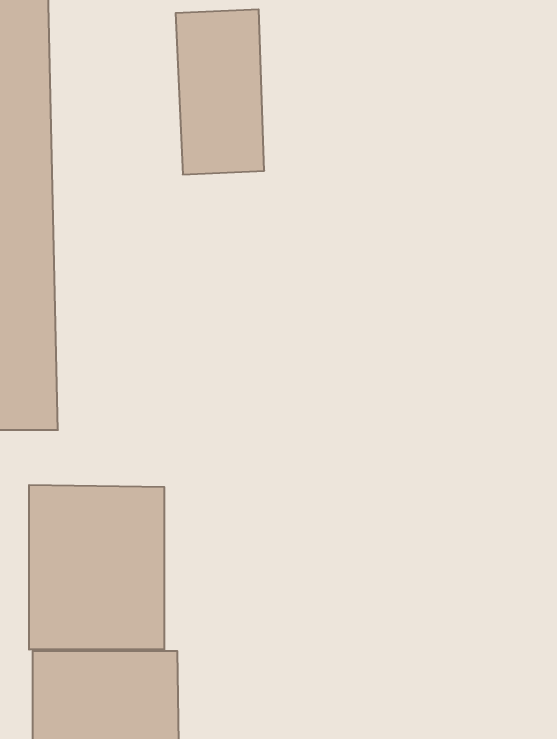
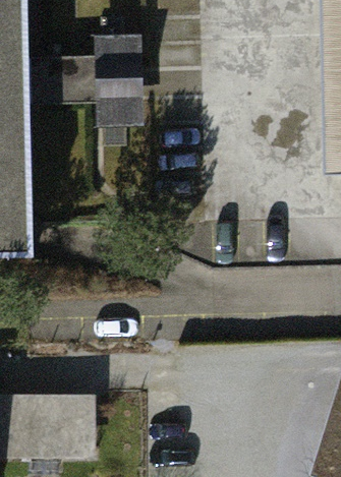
building: [29,485,164,650] -> none

